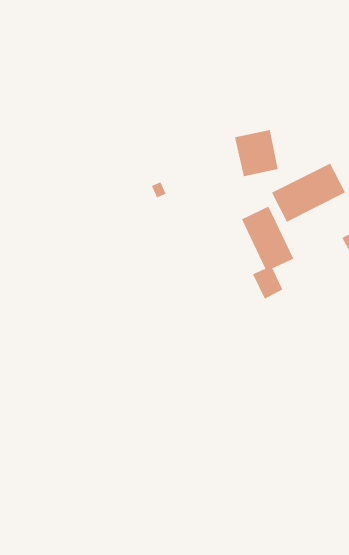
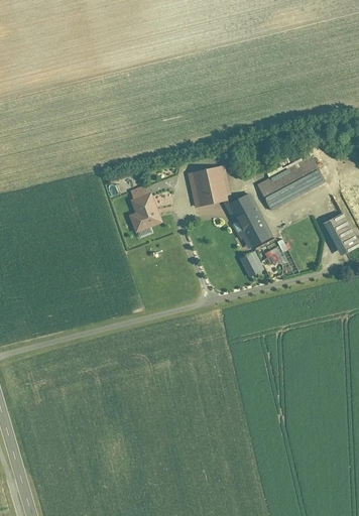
building: [234,129,278,177] -> [187,164,227,208]
building: none -> [129,194,162,232]

